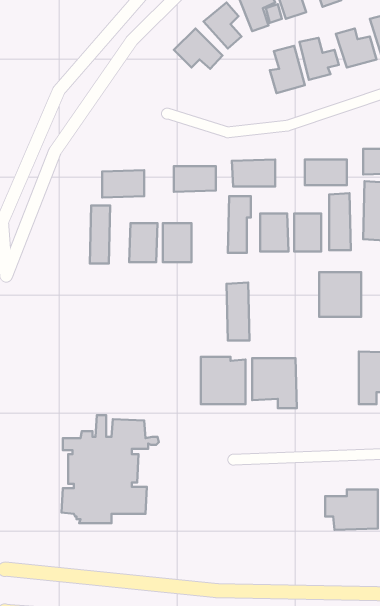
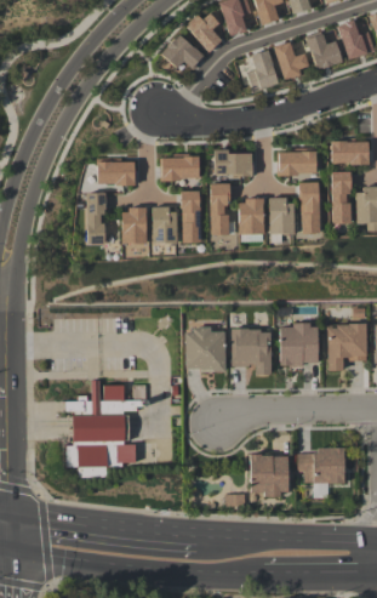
building: [319,272,361,317] -> [280,325,318,365]
building: [226,282,249,340] -> [181,190,201,243]
building: none -> [250,455,289,495]

